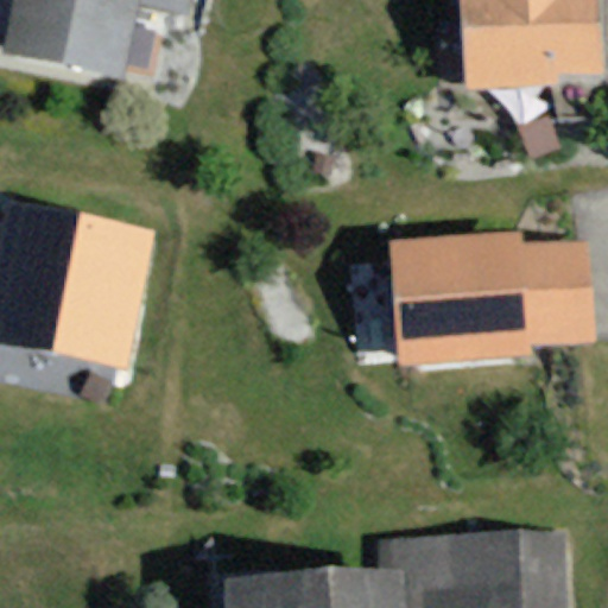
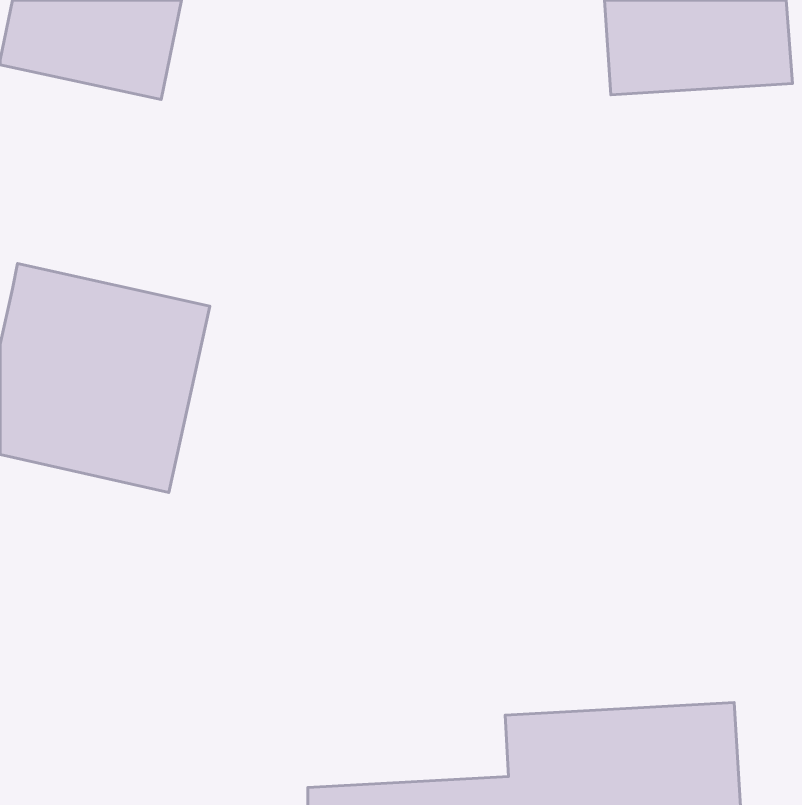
building: [391,229,595,349] -> none

